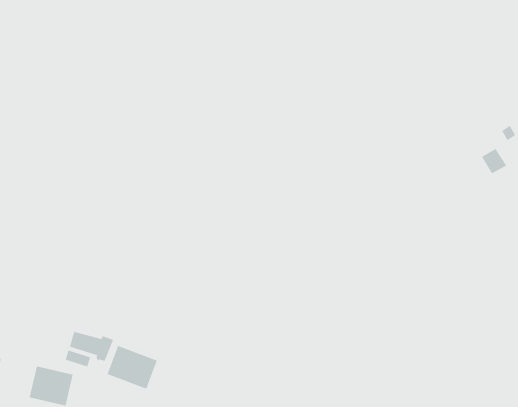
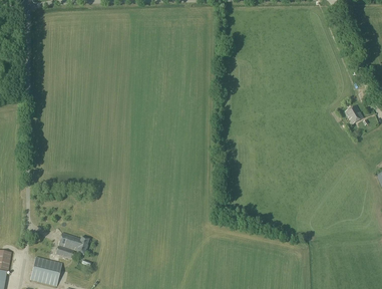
building: [107,345,157,389] -> none

